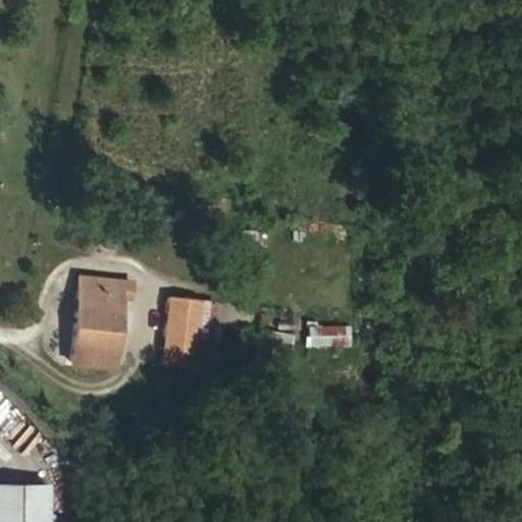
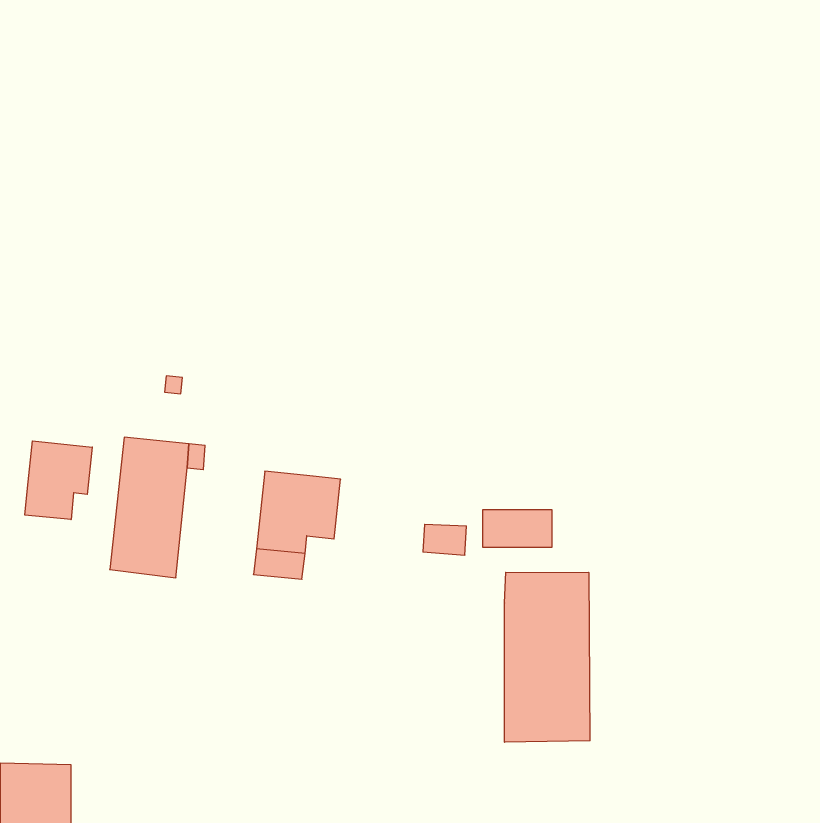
building: none -> [25,441,92,520]
building: none -> [505,572,590,742]

